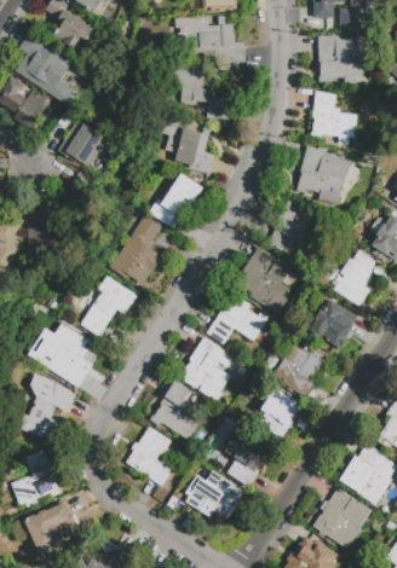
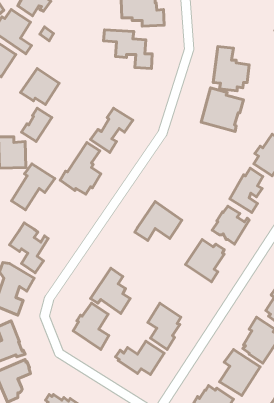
building: [318,35,363,86] -> none
building: [160,109,214,173] -> none
building: [269,204,311,261] -> none
building: [237,247,292,312] -> none
building: [79,273,136,334] -> [12,164,55,210]
building: [179,334,234,399] -> none
building: [258,386,300,434] -> none

